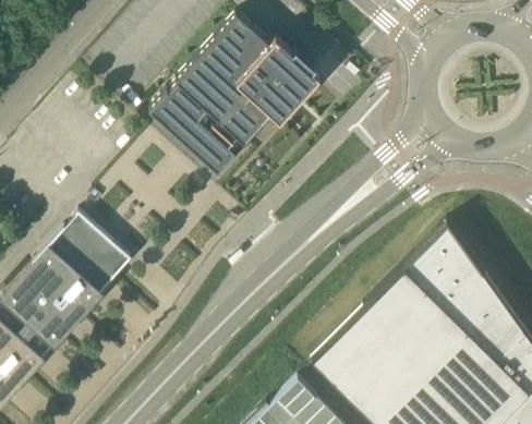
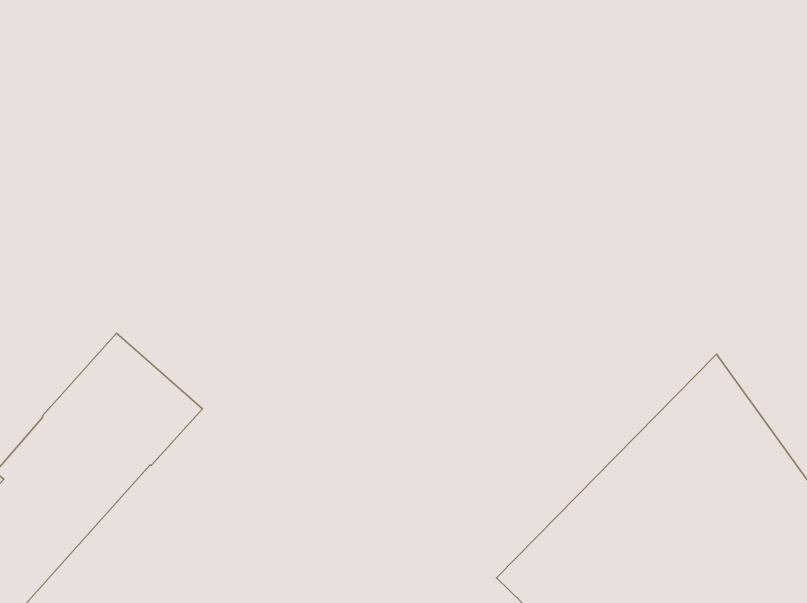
building: [149,15,319,174] -> none

